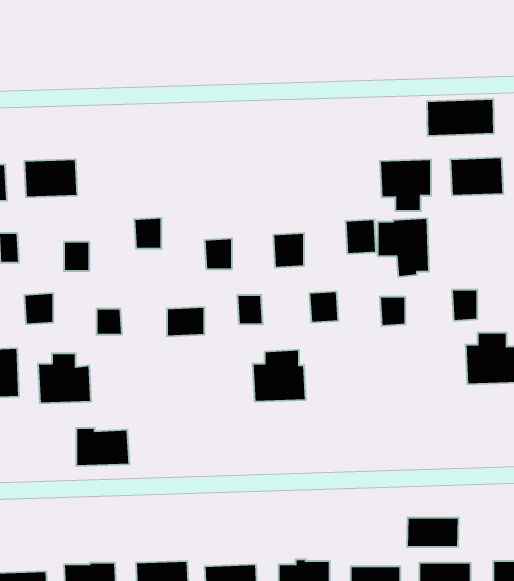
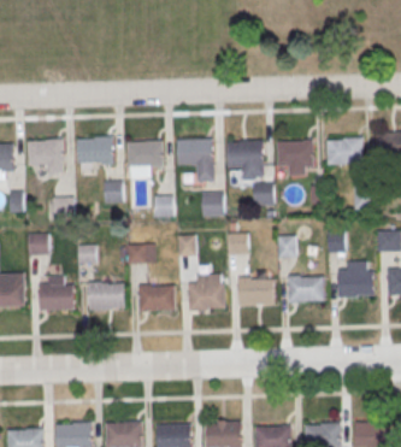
building: [427,99,494,136] -> none
building: none -> [78,137,114,164]
building: none -> [177,139,216,182]
building: none -> [128,140,165,166]
building: [378,218,429,277] -> [229,140,265,181]
building: none -> [287,275,324,302]
building: none -> [236,278,273,305]
building: none -> [137,284,175,312]
building: [76,428,129,466] -> [88,282,125,308]
building: [407,517,458,547] -> none

